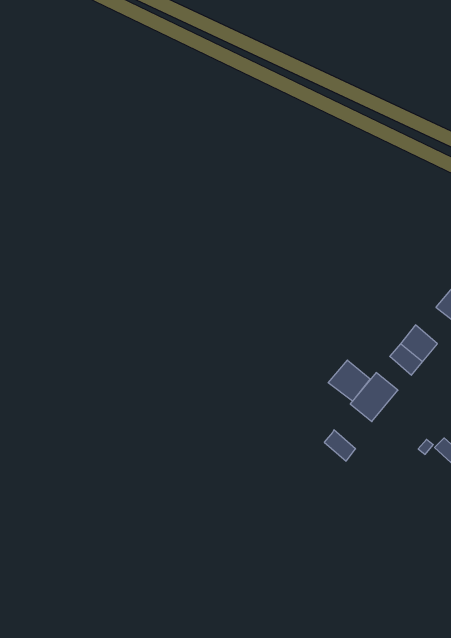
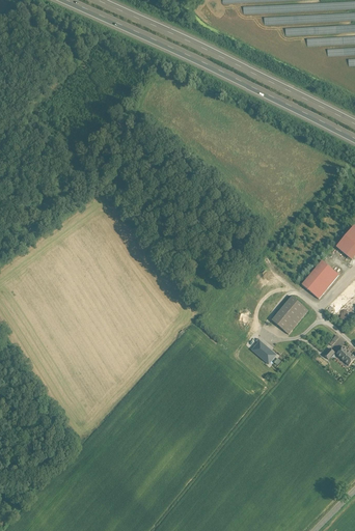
building: [328,360,370,401] -> none

